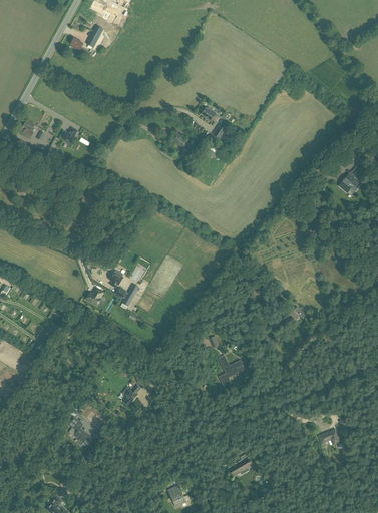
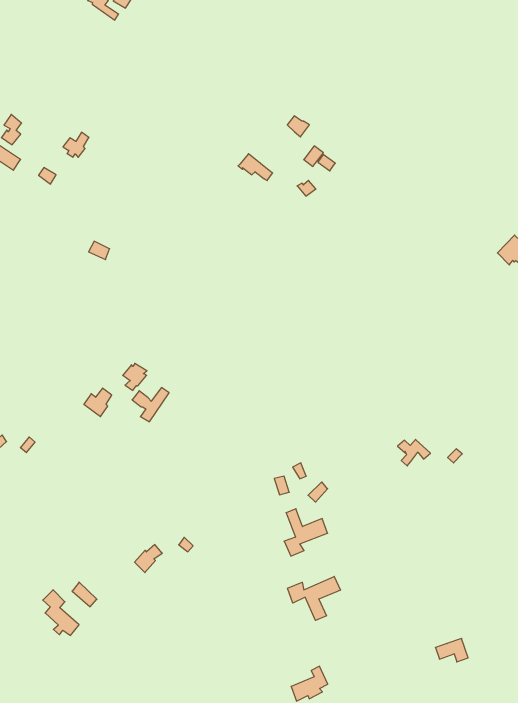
building: none -> [288,576,341,620]

